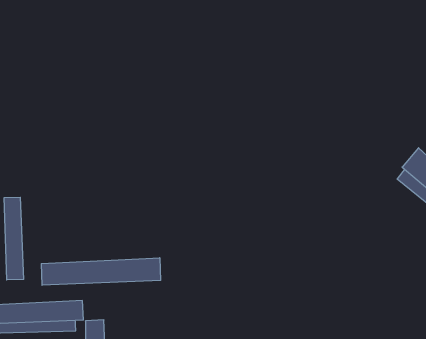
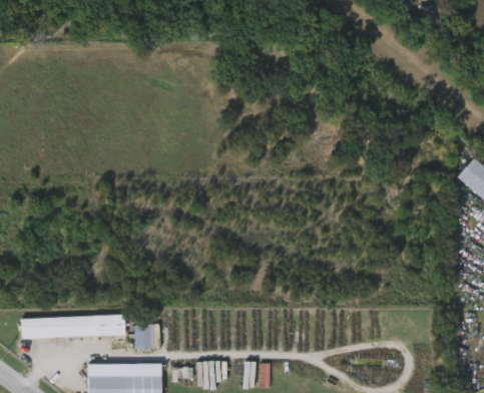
building: [4,197,24,280] -> none
building: [41,258,161,285] -> none

